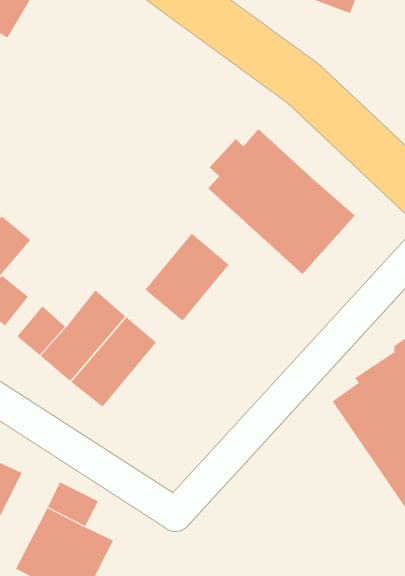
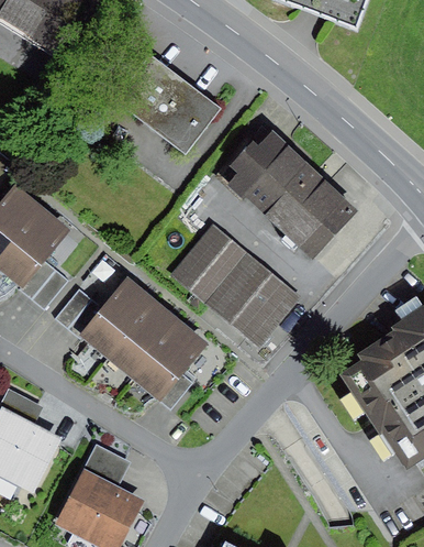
building: none -> [108,48,221,154]
building: none -> [205,252,300,347]
building: none -> [134,321,209,409]

